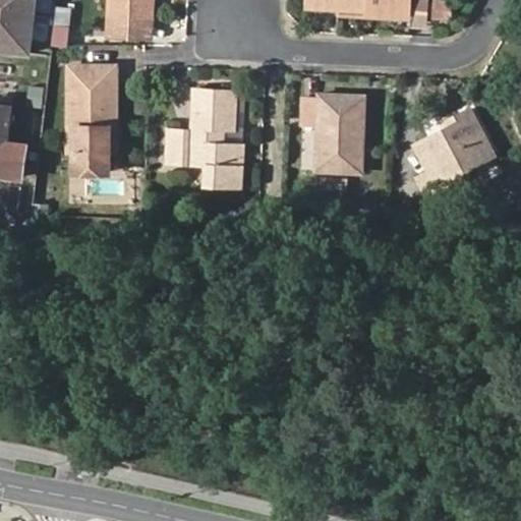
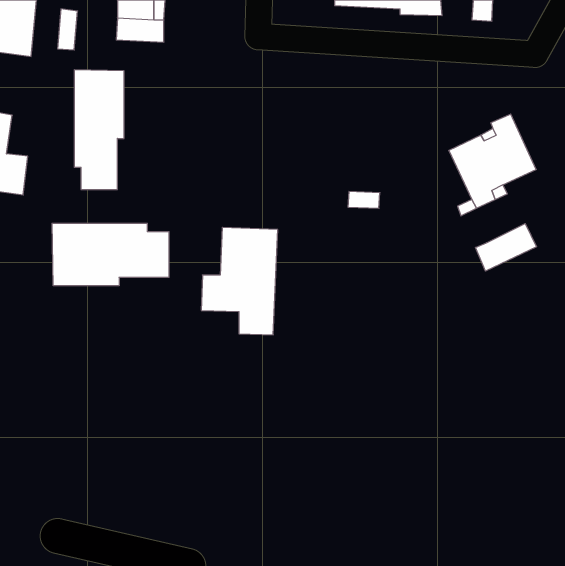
building: [175,90,245,188] -> [201,227,278,335]
building: [303,96,363,174] -> none
building: none -> [52,223,169,286]
building: none -> [476,224,536,271]

